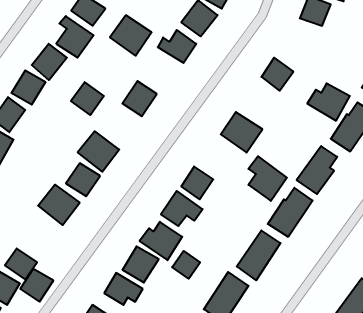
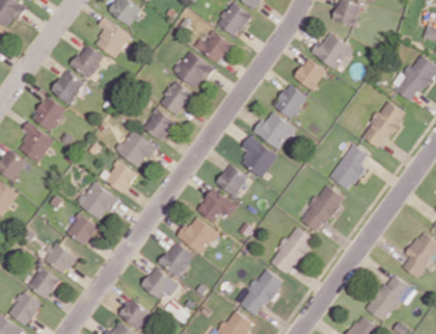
building: [110,15,152,56] -> [173,50,214,89]
building: [71,82,104,115] -> [143,108,175,140]
building: [307,83,350,121] -> [310,33,352,70]
building: none -> [274,83,306,118]
building: [248,156,287,201] -> [241,134,278,178]
building: [172,251,200,279] -> none
building: [20,269,53,302] -> [67,213,100,246]

